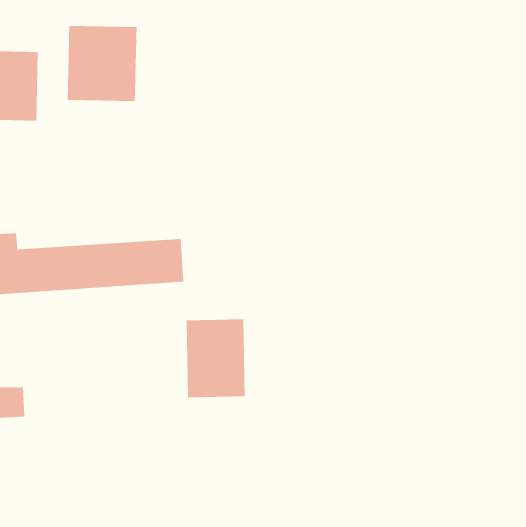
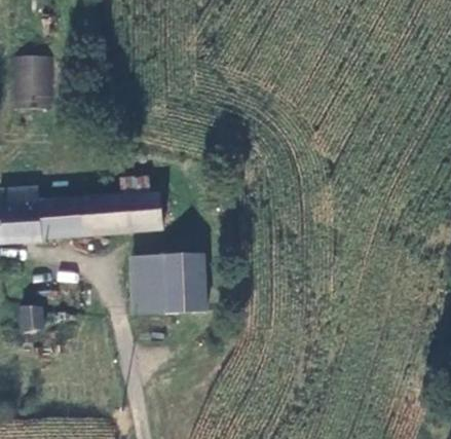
building: [67,25,137,102] -> none
building: none -> [131,256,162,315]

